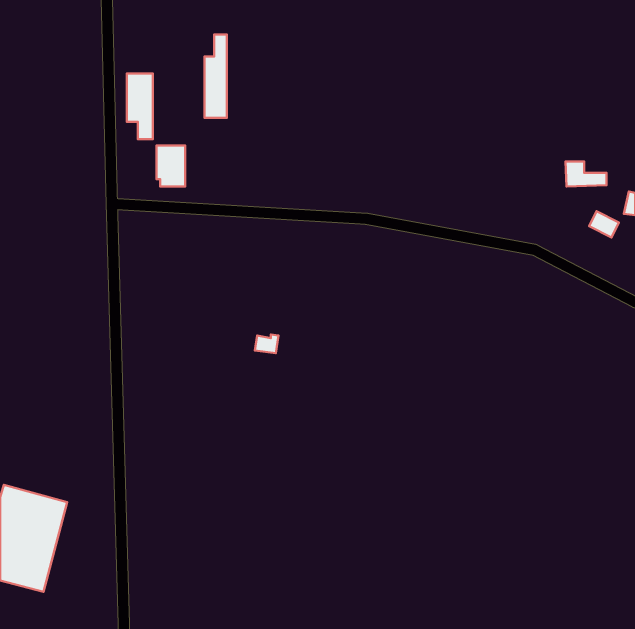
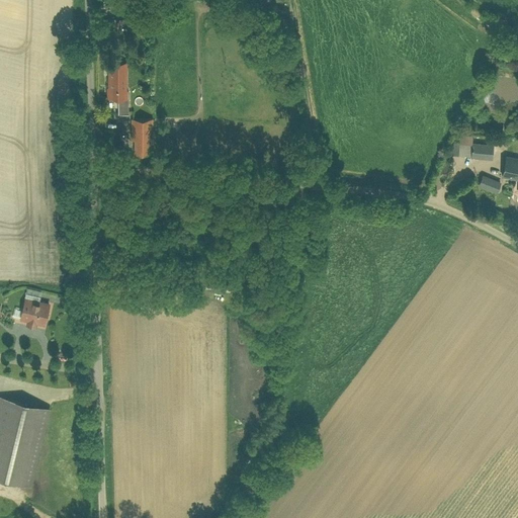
building: [204,34,227,118] -> none
building: none -> [24,299,55,325]

